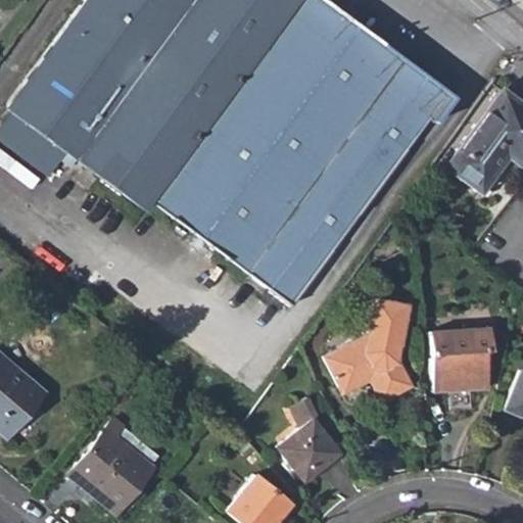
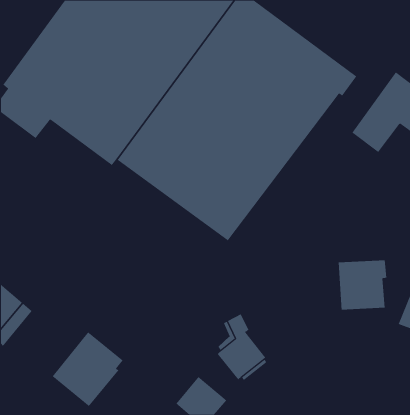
building: [326,298,421,399] -> none

